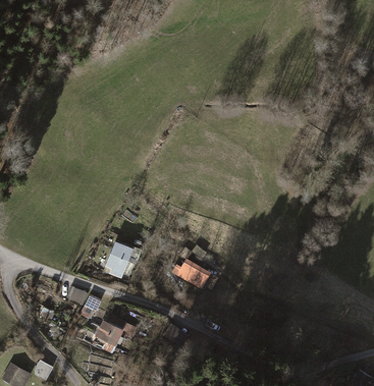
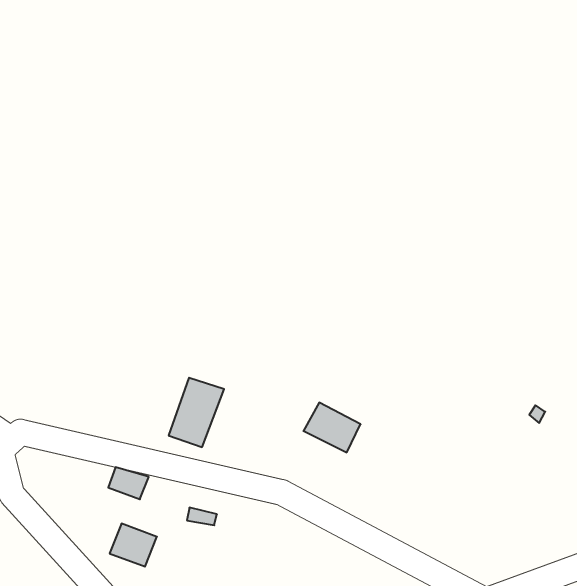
building: [96,321,123,346] -> [110,524,157,567]

